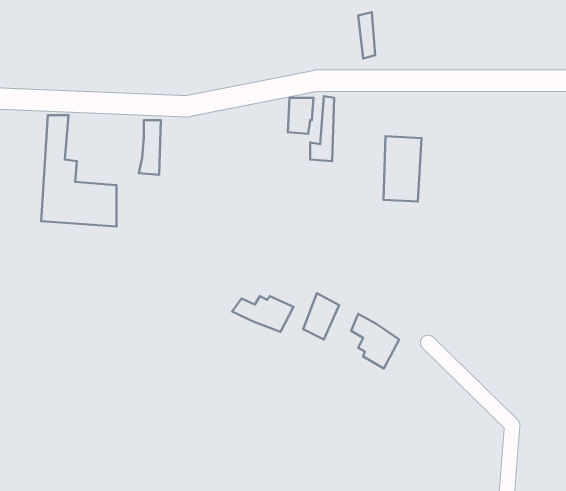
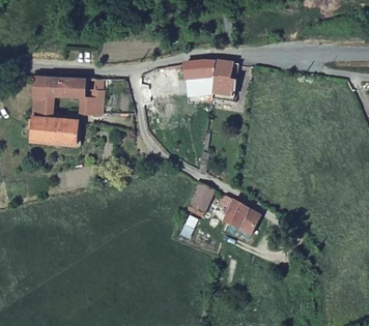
building: none -> [47,76,84,103]
building: [384,136,421,201] -> [208,65,231,105]
building: [232,296,293,332] -> none

